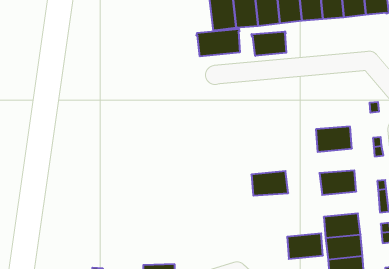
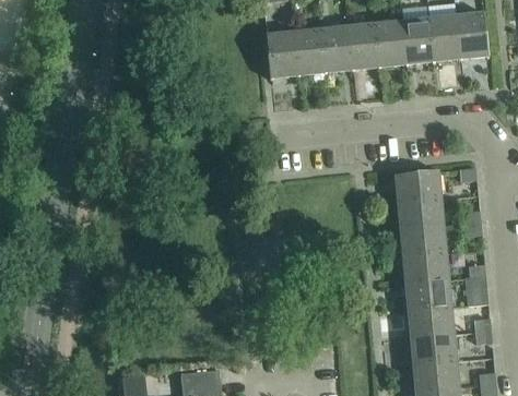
building: [197,29,240,56] -> none
building: [252,31,286,56] -> none
building: none -> [393,169,440,201]
building: [251,171,288,196] -> [400,225,446,255]
building: [287,233,323,259] -> [405,278,450,310]

